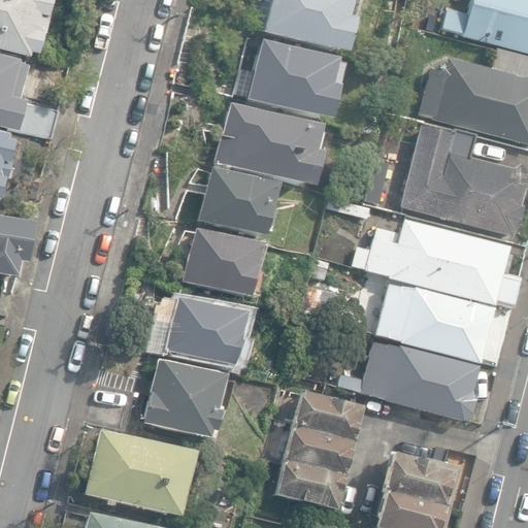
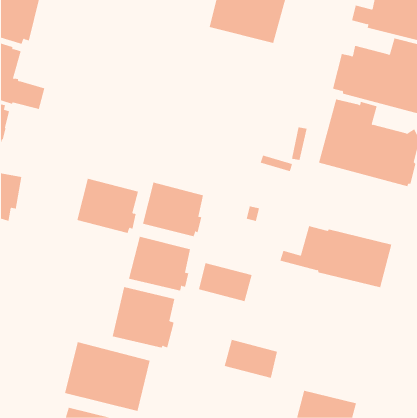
building: [245,39,342,121] -> none
building: [214,103,325,187] -> none
building: [198,167,276,236] -> [76,178,139,233]
building: [354,218,523,304] -> none
building: [338,340,480,420] -> none
building: [294,391,362,440] -> [198,262,253,302]
building: [385,453,462,505] -> none
building: [276,459,344,508] -> none

